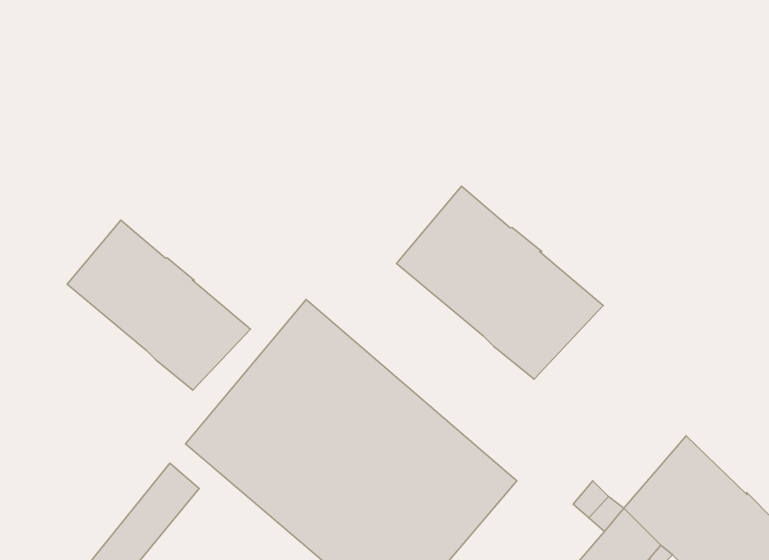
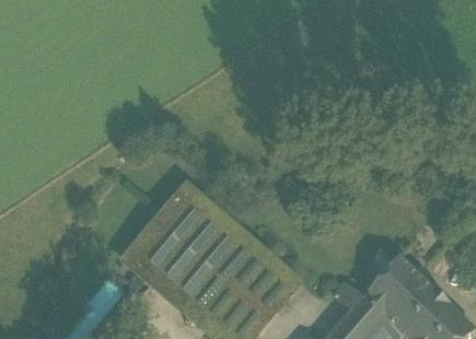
building: [396,186,603,379] -> none
building: [67,220,251,390] -> none

